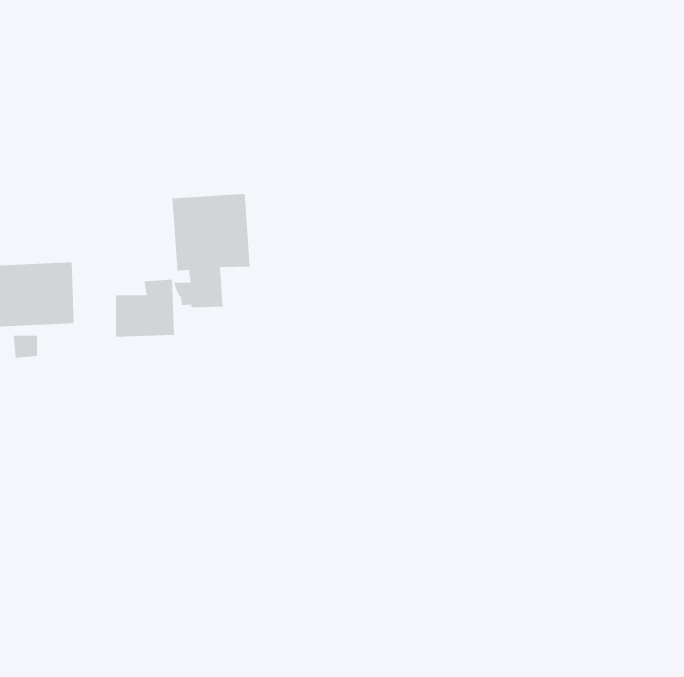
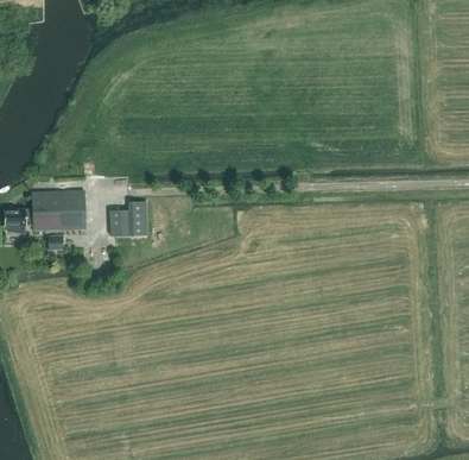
building: [172,193,250,308] -> none

